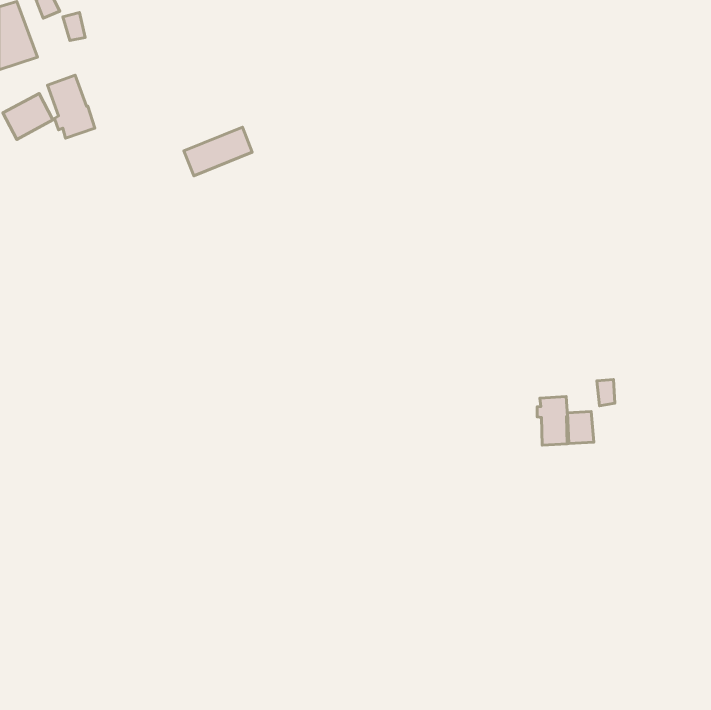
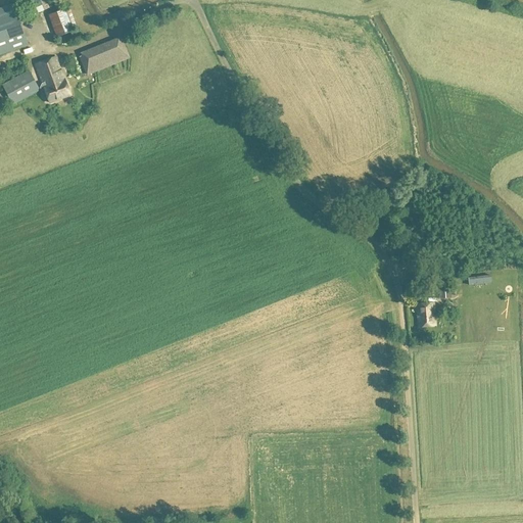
building: [184,127,252,176] -> [79,38,129,74]
building: [537,397,568,445] -> none

